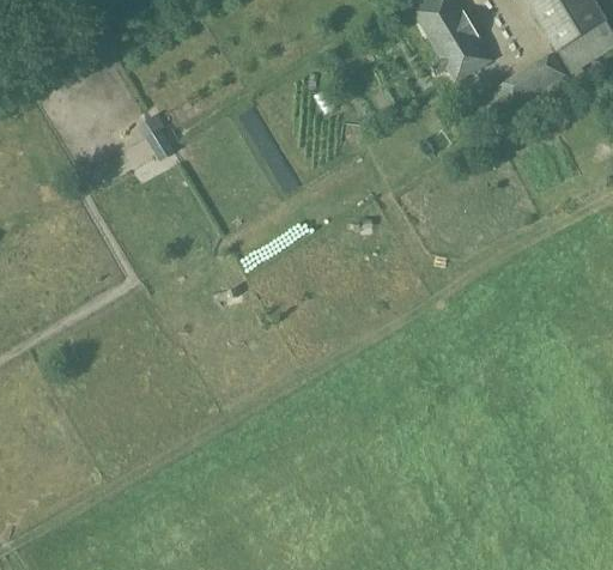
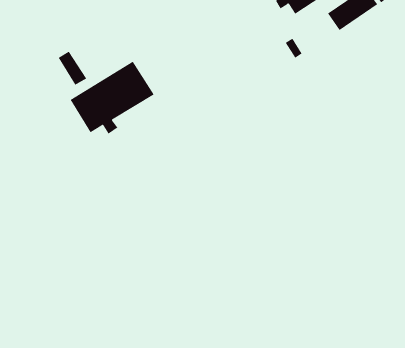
building: none -> [70,61,154,135]

